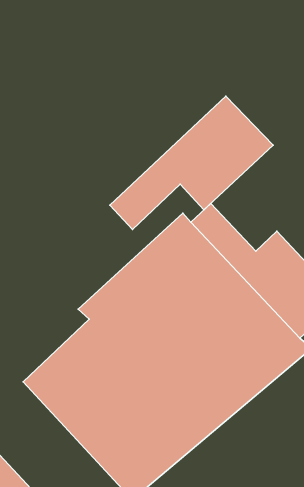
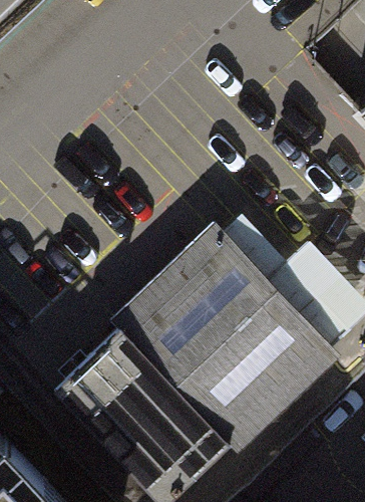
building: [110,96,273,229] -> none

